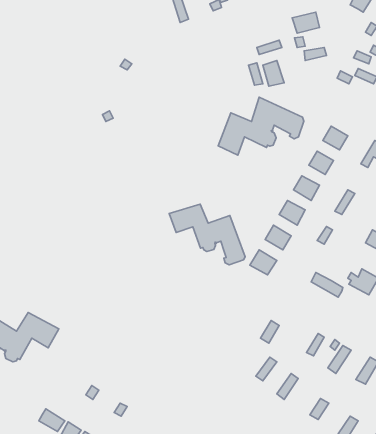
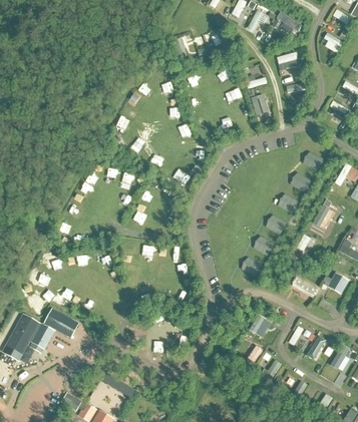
building: [218,97,304,155] -> none
building: [169,204,245,265] -> none

